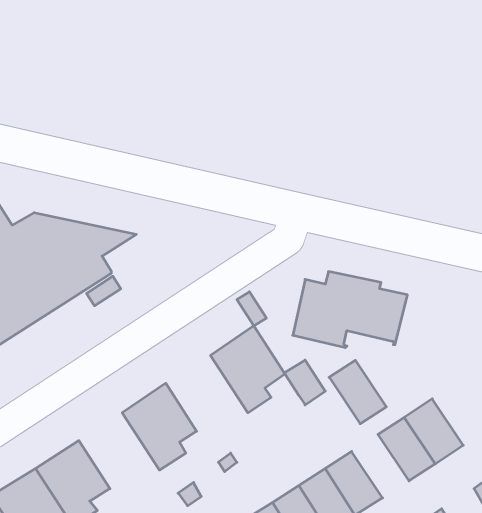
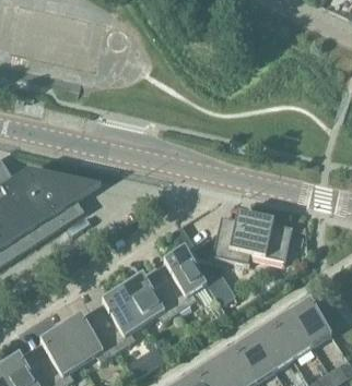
building: none -> [122,267,180,321]
building: [329,360,386,424] -> [254,323,294,367]
building: none -> [61,307,118,361]

